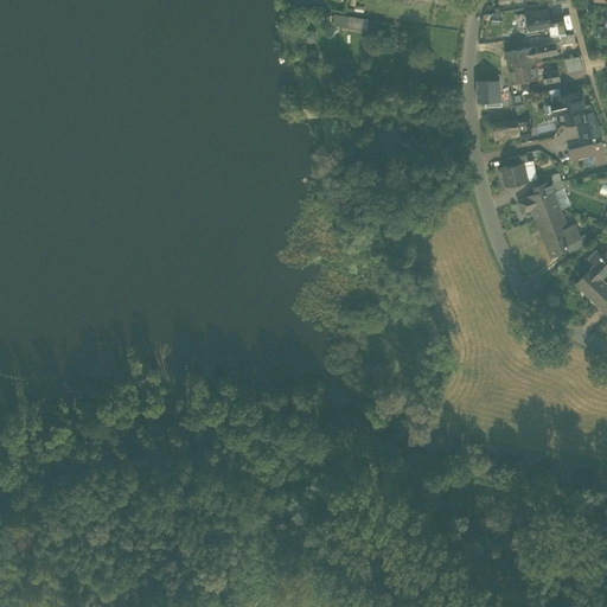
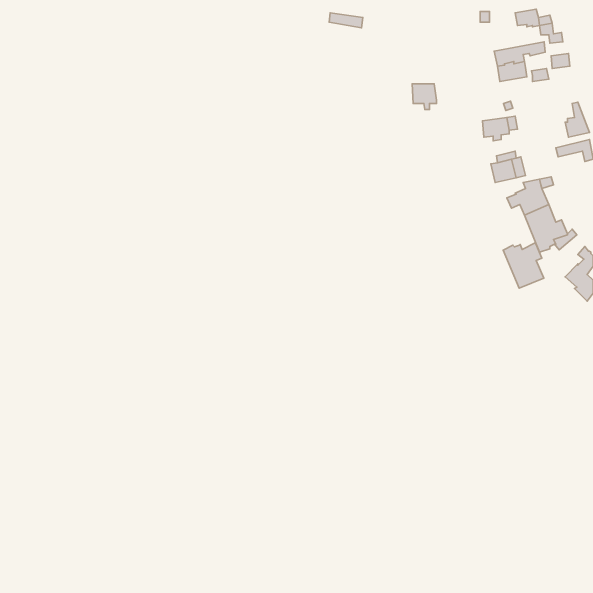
building: [475,82,500,108] -> [412,84,437,109]
building: [551,94,586,123] -> none
building: none -> [503,243,544,288]

